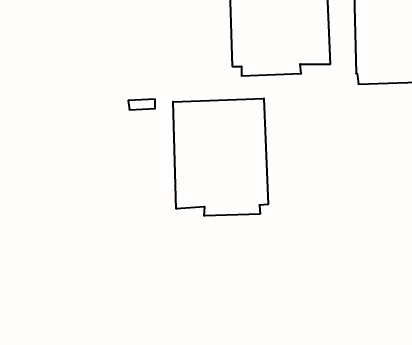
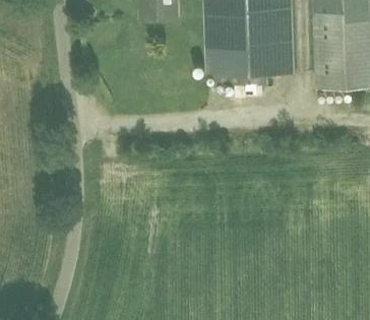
building: [173,98,268,216] -> none

